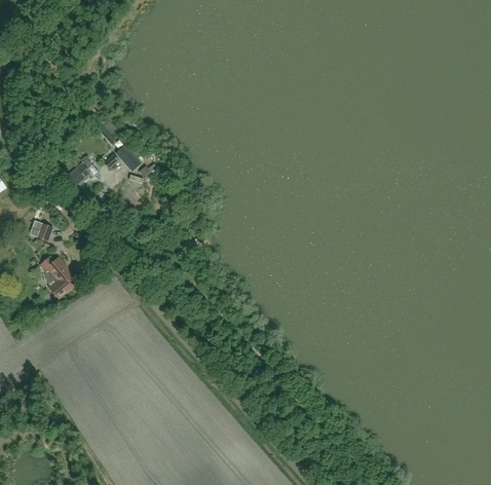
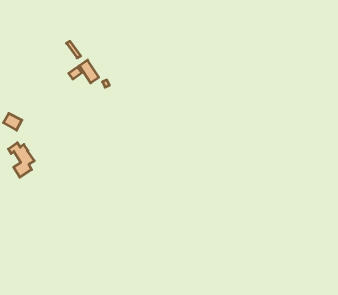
building: [66,158,98,187] -> none

